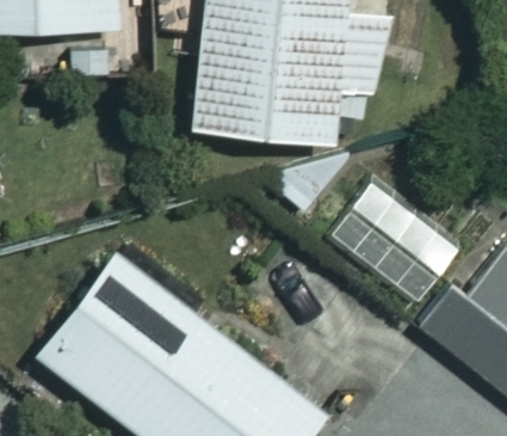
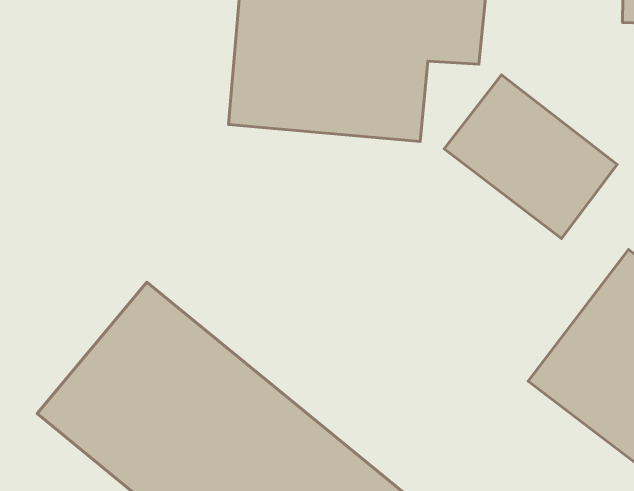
building: [319,178,452,305] -> [444,75,617,239]

